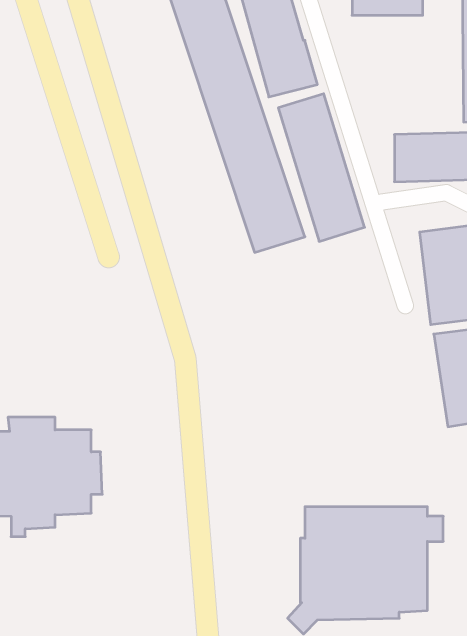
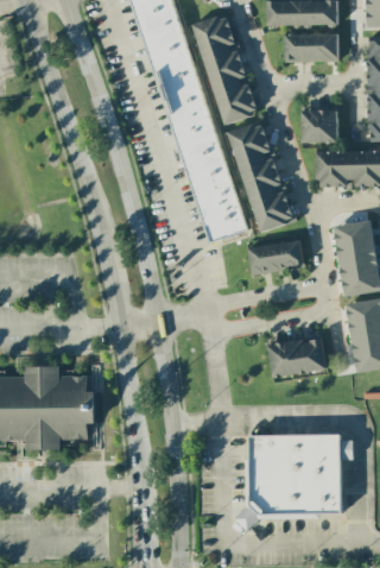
building: none -> [300,109,337,141]
building: none -> [248,240,303,273]
building: none -> [267,337,325,375]

